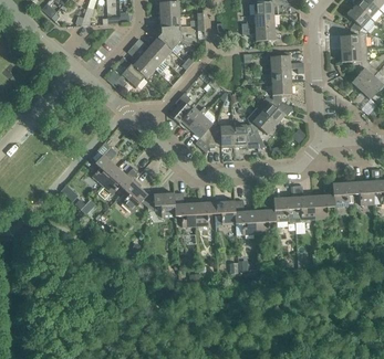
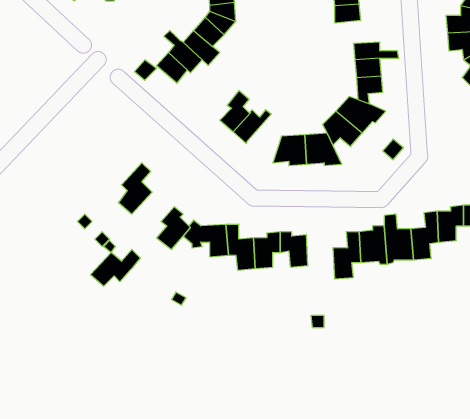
building: [189,109,215,146] -> none
building: [102,166,139,193] -> [91,249,141,286]
building: [233,200,255,234] -> none

